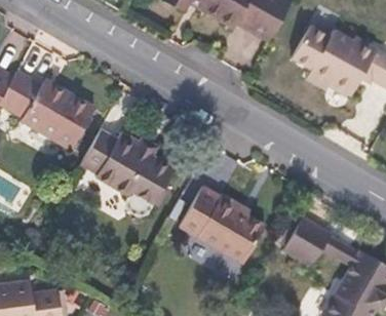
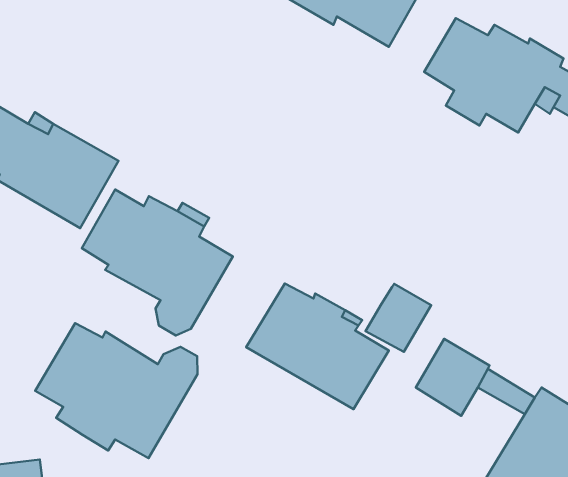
building: none -> [365,284,431,352]
building: none -> [35,323,197,458]

